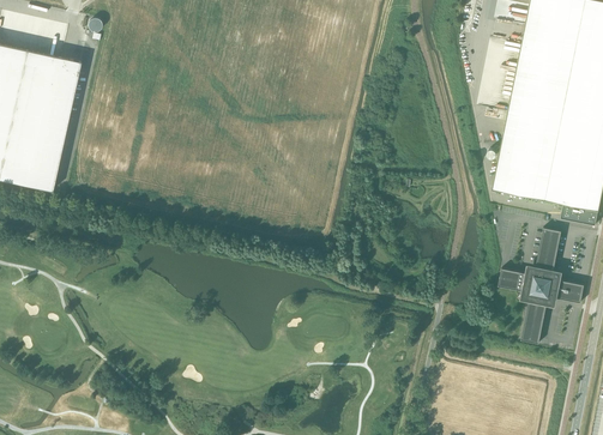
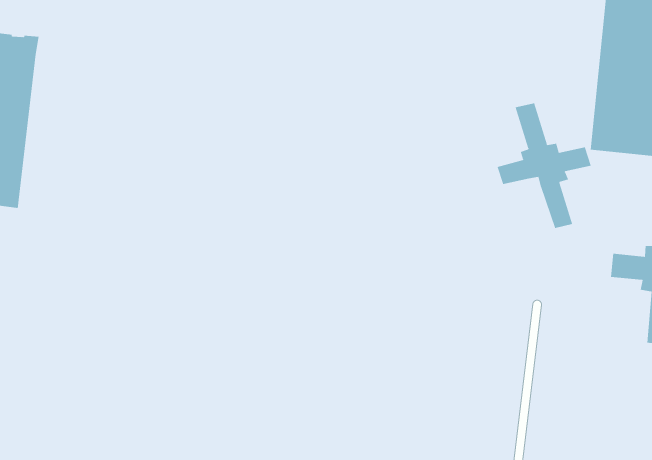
building: none -> [497,102,591,229]

